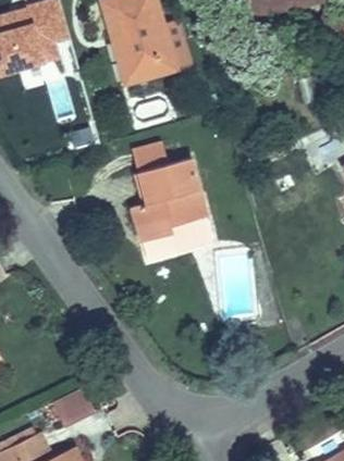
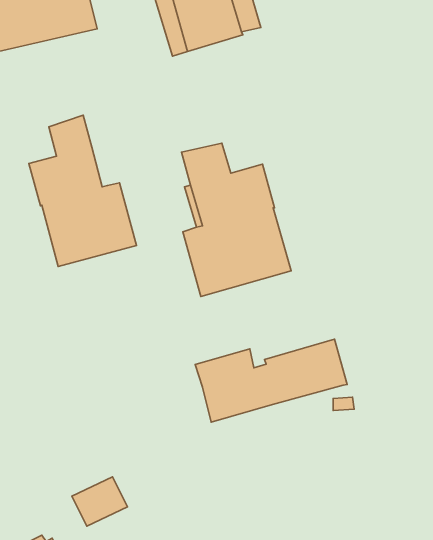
building: none -> [29,115,137,267]
building: none -> [195,339,347,422]

